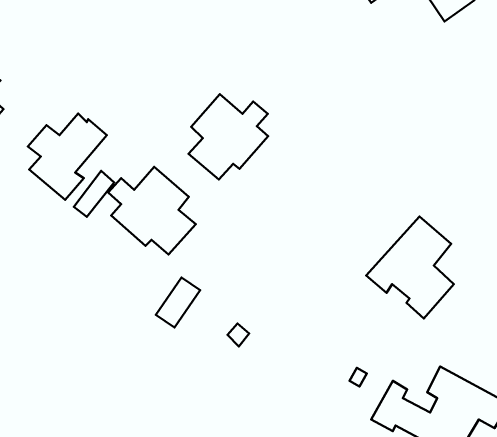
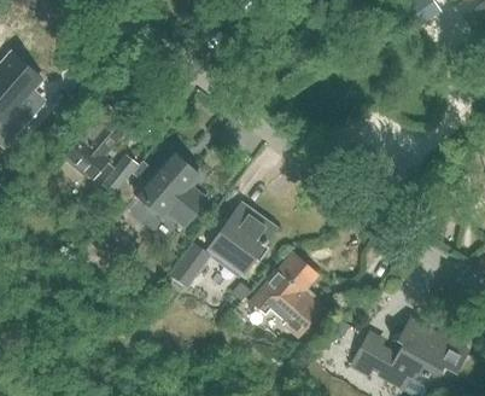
building: [188,94,268,180] -> none
building: [366,217,454,319] -> [249,251,322,337]
building: none -> [206,205,274,275]

